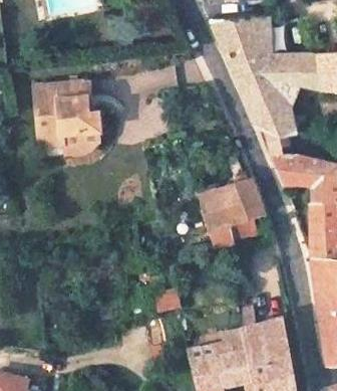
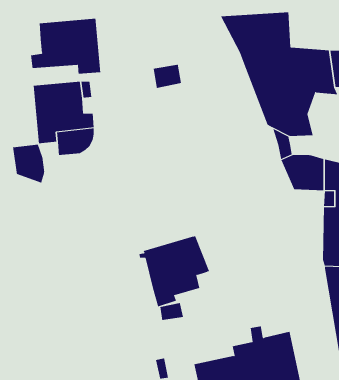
building: none -> [31,18,101,74]
building: none -> [13,144,45,184]
building: [197,180,264,247] -> [138,236,210,307]

